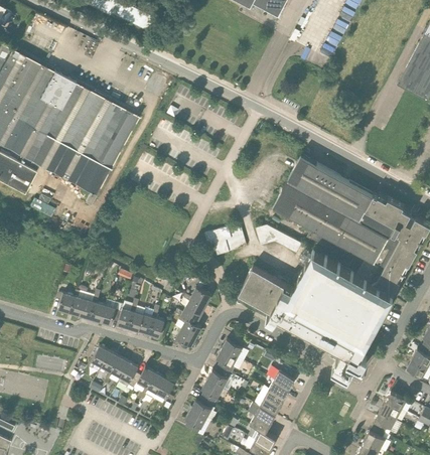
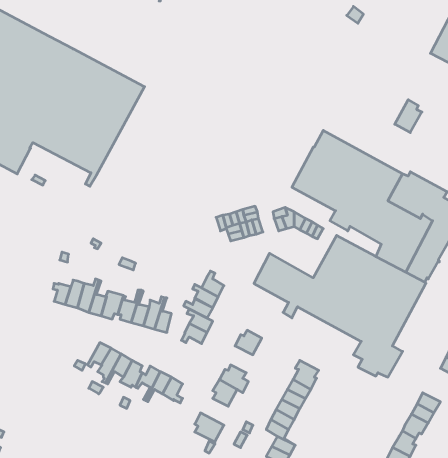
building: none -> [395,100,422,133]
building: [217,349,244,373] -> none
building: [190,397,217,422] -> none

